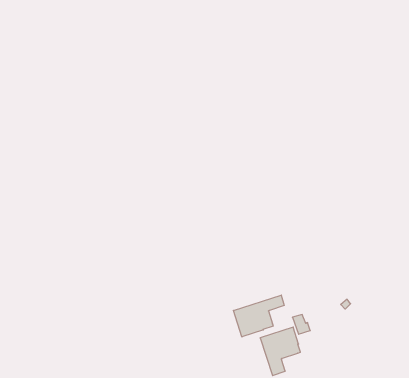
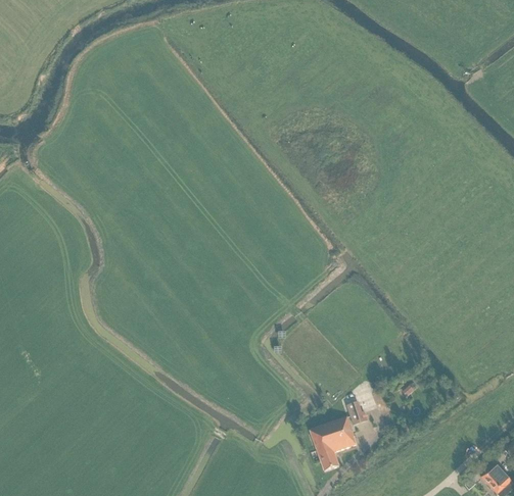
building: [233,295,284,337] -> none

